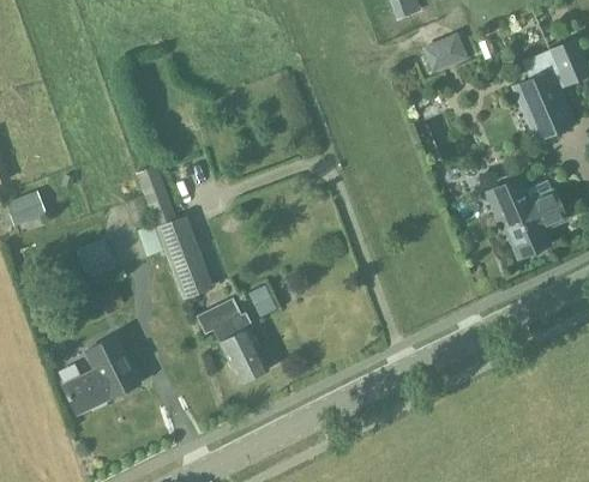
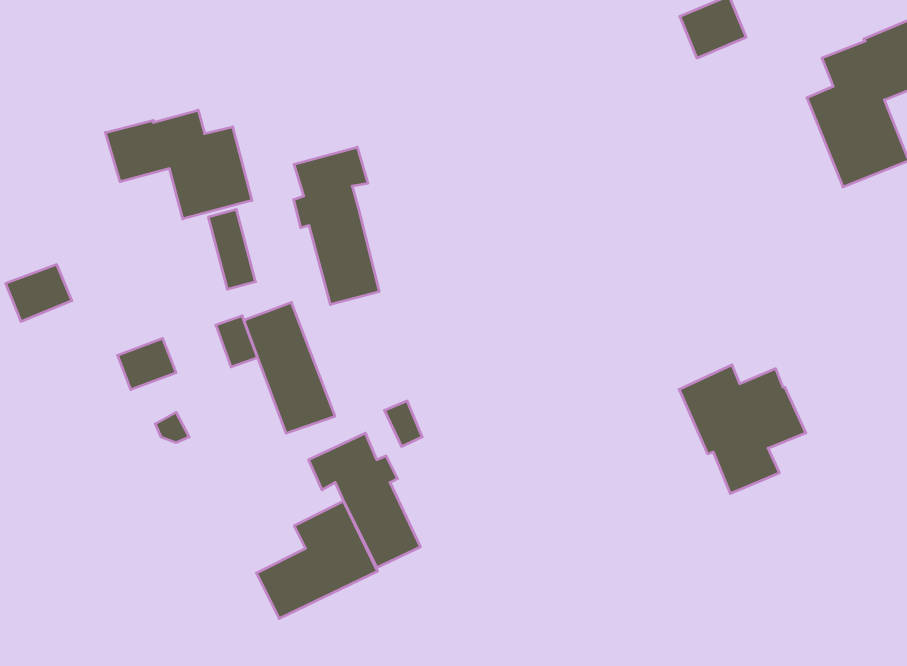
building: none -> [105,110,252,219]
building: none -> [294,147,379,305]
building: [487,177,567,259] -> [679,365,806,494]
building: [64,341,140,415] -> [256,501,378,619]

